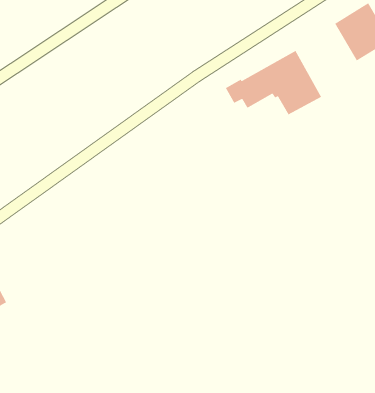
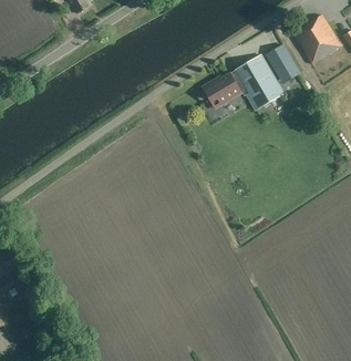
building: none -> [266,45,300,84]

